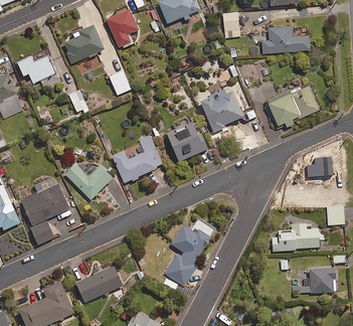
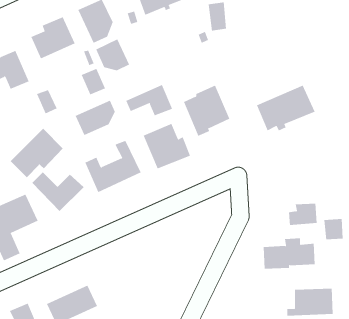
building: [260,26,309,54] -> none
building: none -> [95,39,130,71]
building: none -> [126,84,173,116]
building: none -> [75,100,115,136]
building: none -> [10,128,64,178]
building: [306,157,332,177] -> [288,203,317,226]
building: [163,219,214,287] -> none

